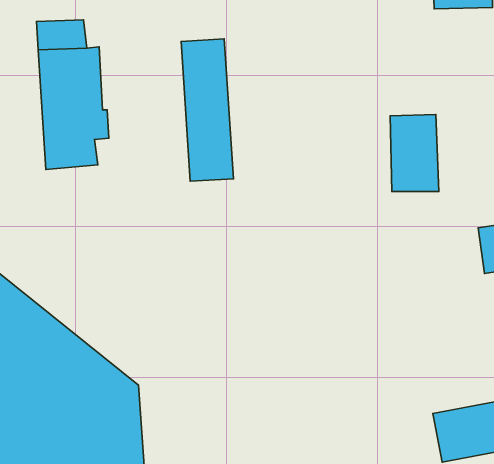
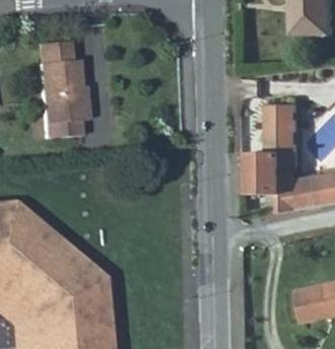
building: [181,39,233,181] -> none
building: none -> [249,151,297,212]

